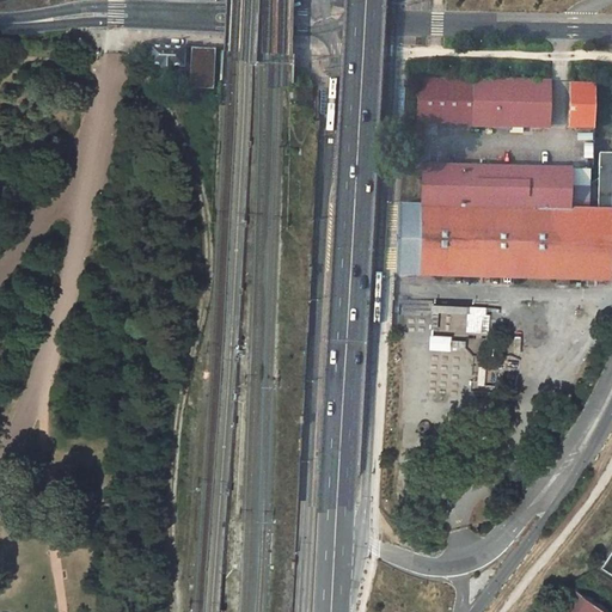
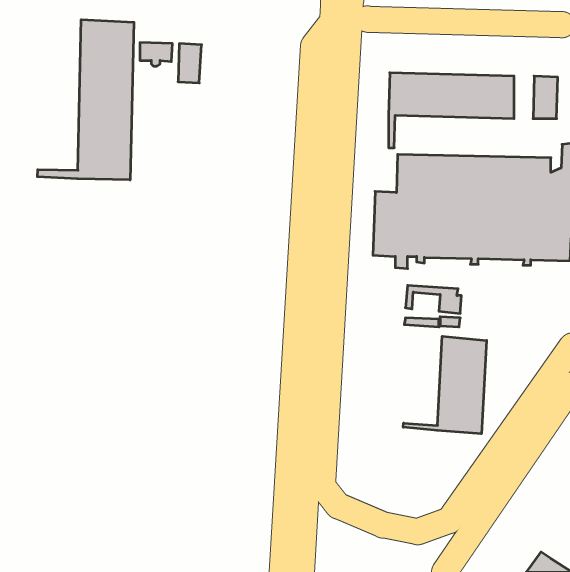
building: none -> [37,20,134,180]
building: none -> [403,336,487,434]

